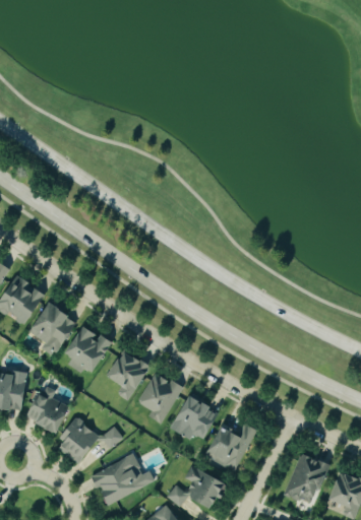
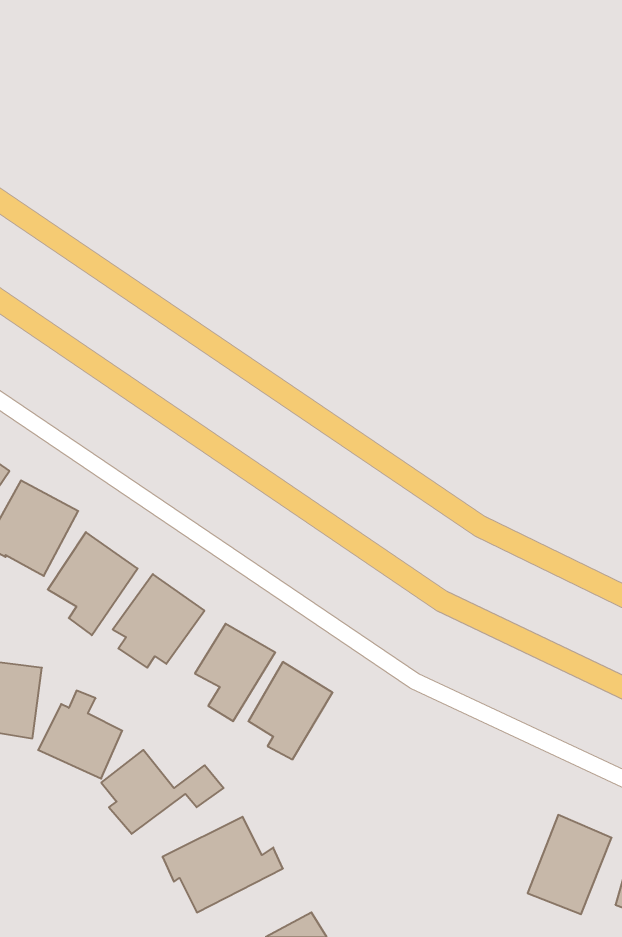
building: [169,394,218,440] -> none
building: [205,424,255,470] -> none
building: [165,465,227,509] -> none

